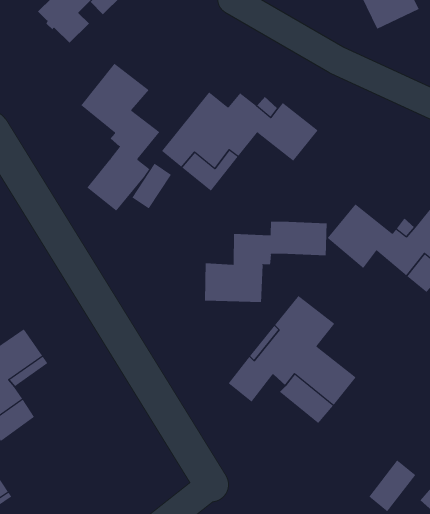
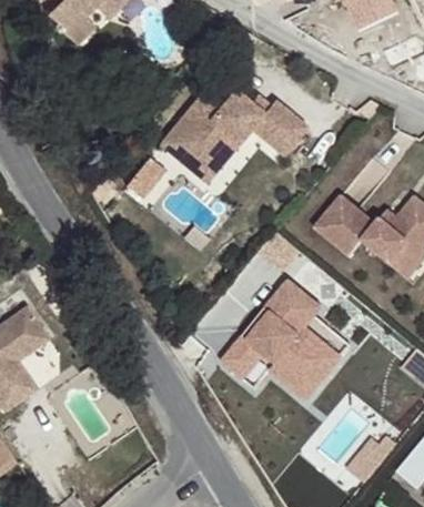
building: [81,63,160,212] -> none
building: [205,221,327,303] -> none

